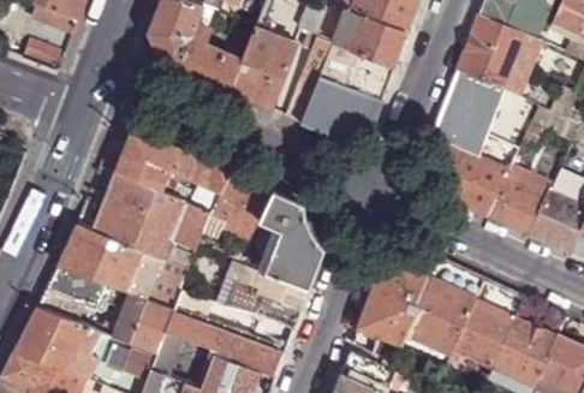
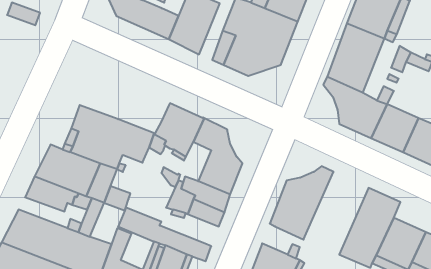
building: [115,126,231,193] -> none
building: [401,258,484,364] -> none
building: [129,298,173,351] -> none

